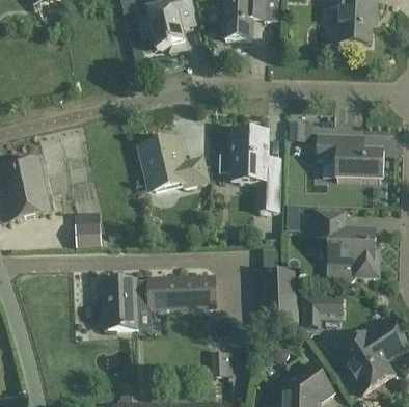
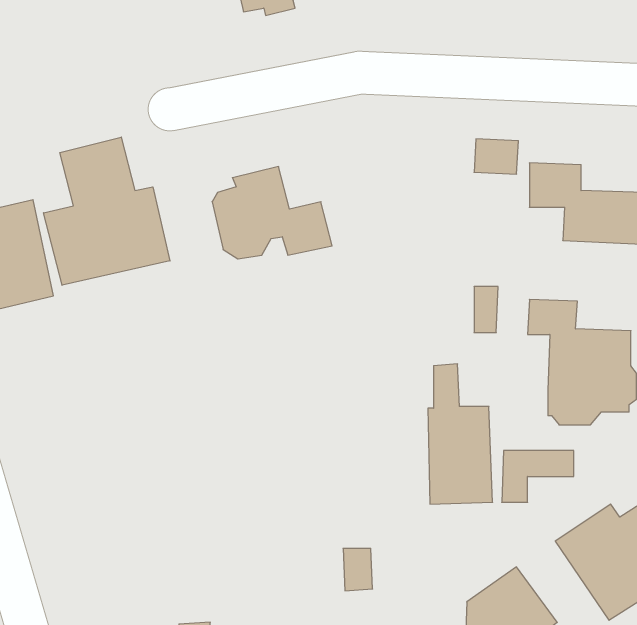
building: none -> [44,137,170,285]
building: [219,131,279,211] -> none
building: [75,222,101,246] -> none
building: [104,273,216,328] -> none

